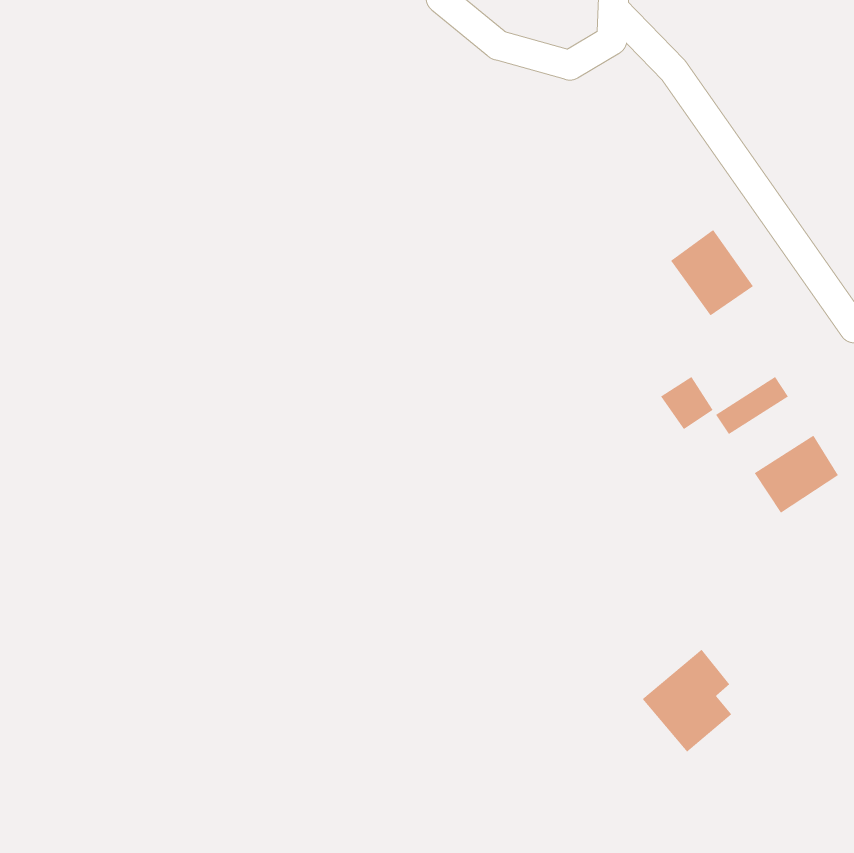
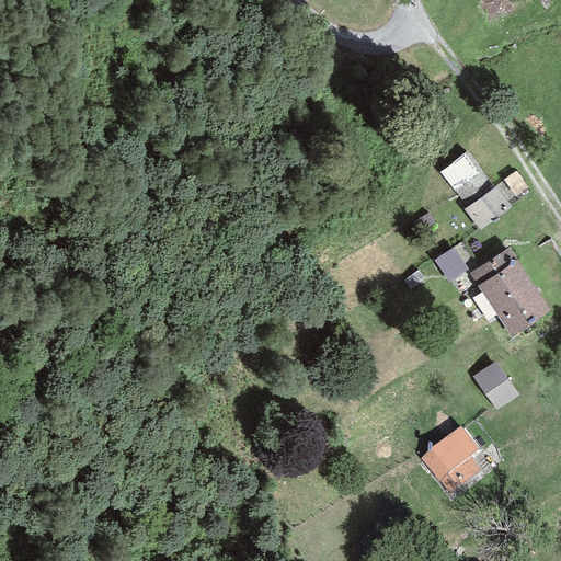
building: none -> [463,185,512,230]
building: none -> [478,260,534,310]
building: none -> [472,360,518,410]

